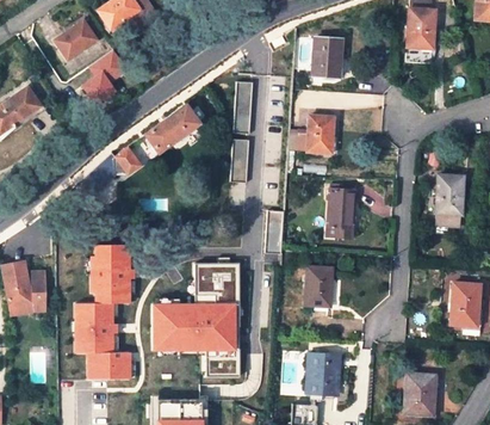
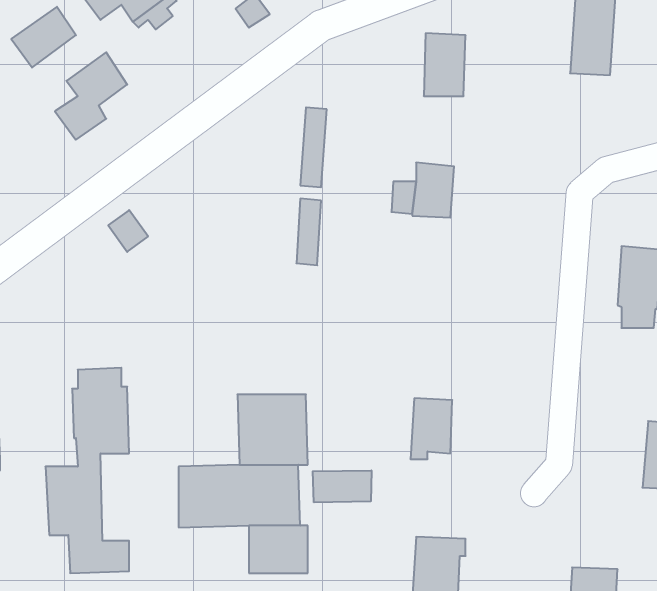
building: [145,105,199,153] -> none
building: [324,189,355,238] -> none
building: [266,210,285,254] -> none
building: none -> [313,470,371,502]

